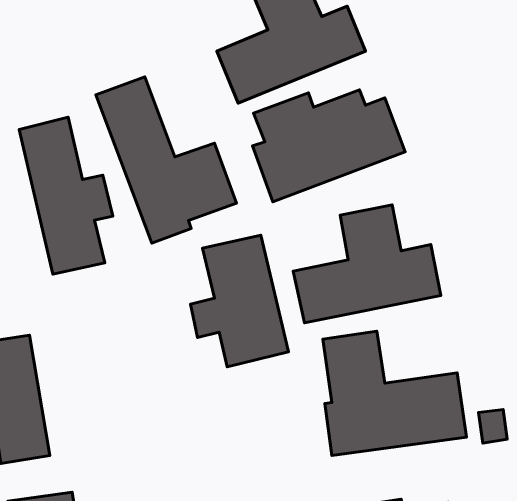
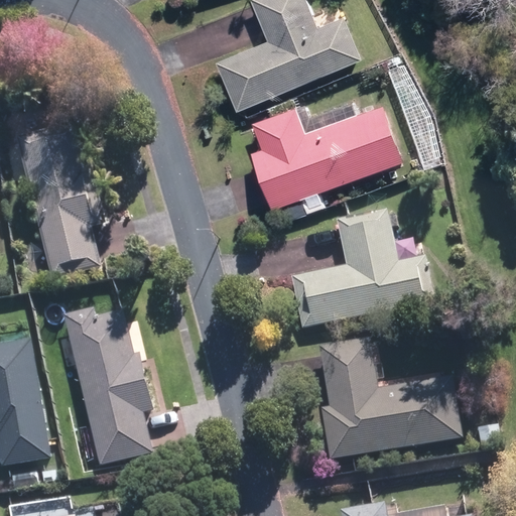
building: [96,77,237,243] -> none
building: [191,235,288,367] -> none
building: none -> [63,309,165,468]

